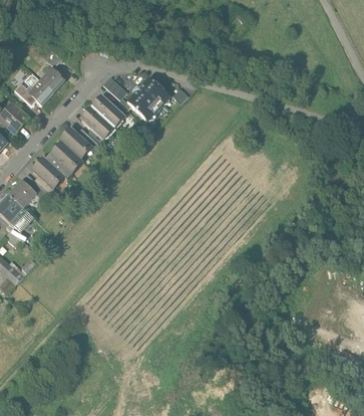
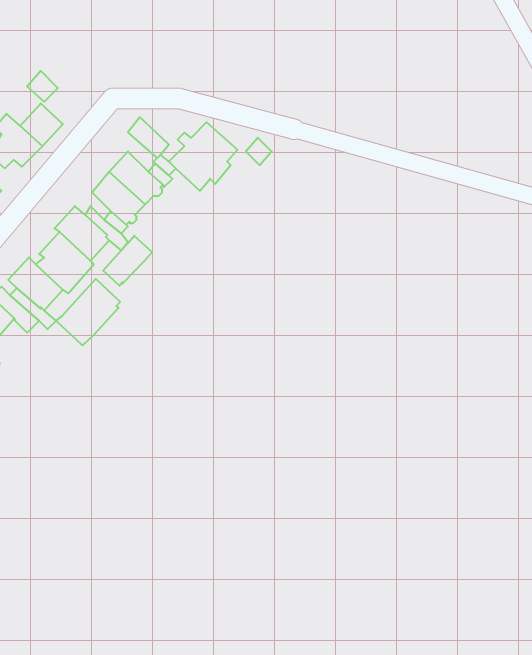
building: none -> [103,236,152,286]
building: none -> [56,279,120,345]

